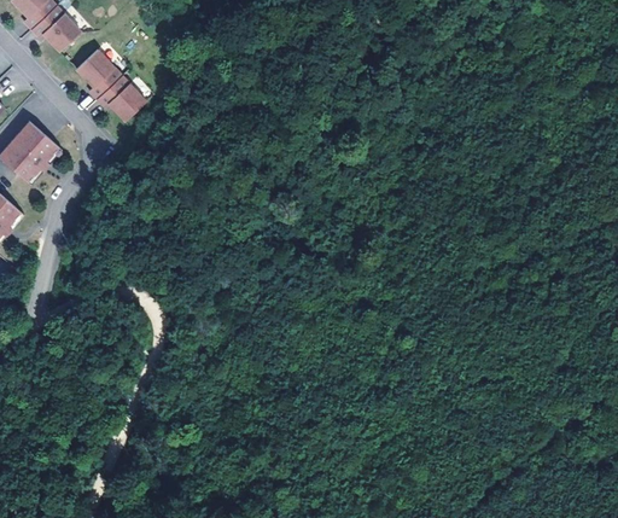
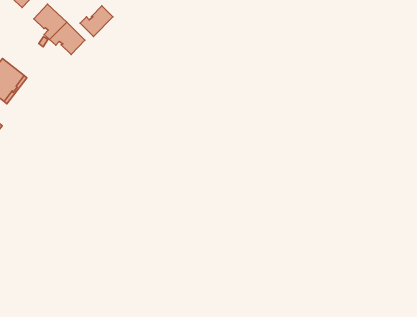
building: none -> [80,6,113,36]

